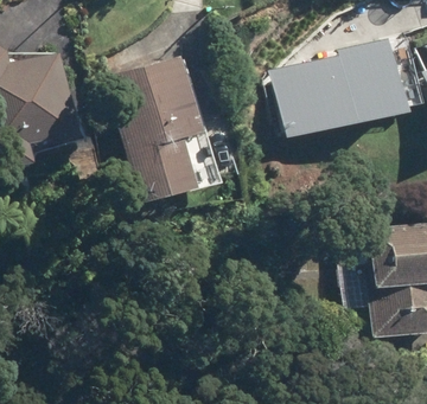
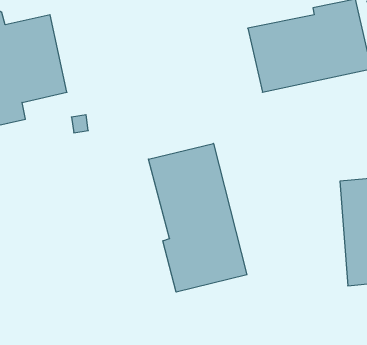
building: [110,54,206,204] -> none
building: none -> [148,143,247,292]

